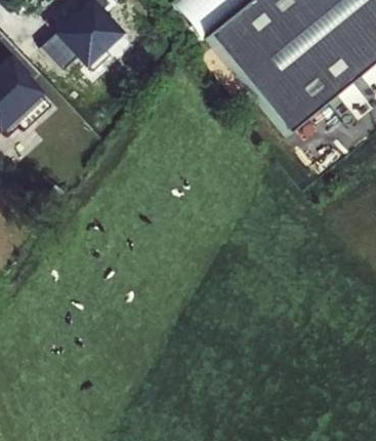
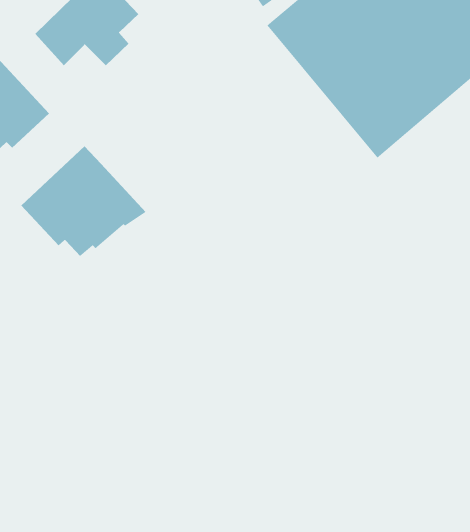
building: none -> [20,146,147,257]

